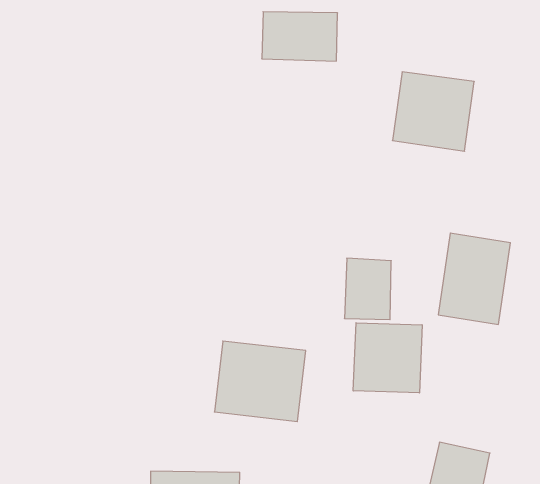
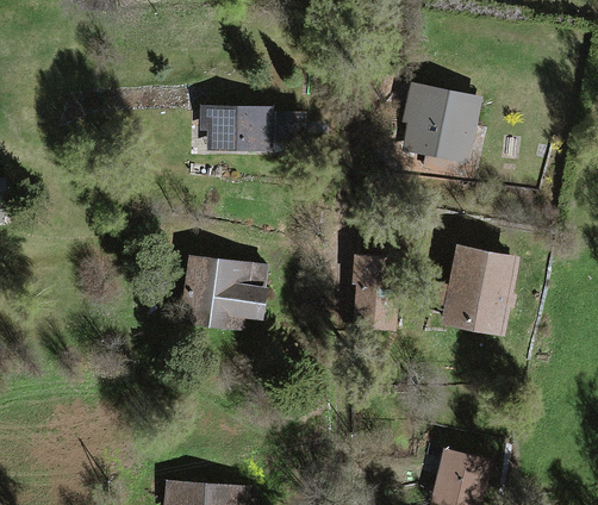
building: [262,12,338,61] -> [199,106,274,155]
building: [353,323,422,393] -> none
building: [214,341,306,422] -> [177,253,268,332]

